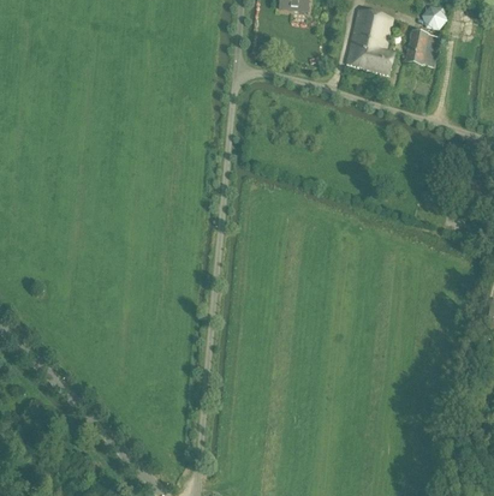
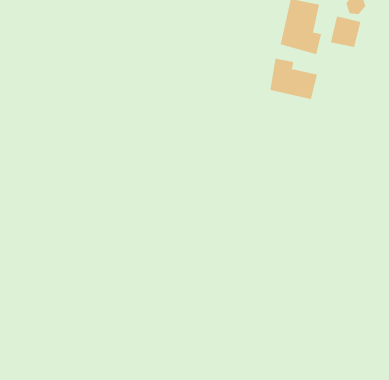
building: none -> [270,58,317,100]

